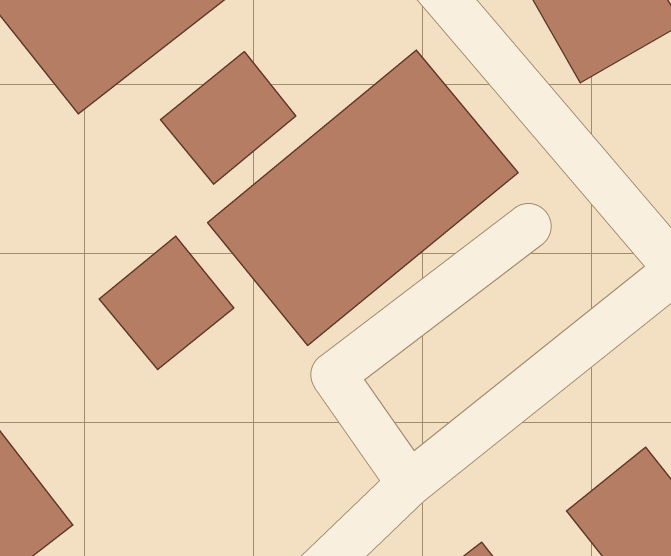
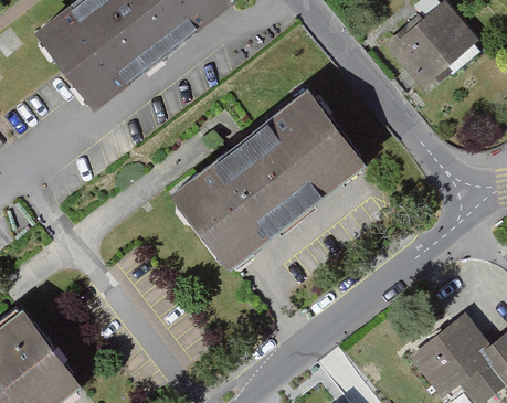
building: [161,52,296,184] -> none
building: [99,236,234,370] -> none

